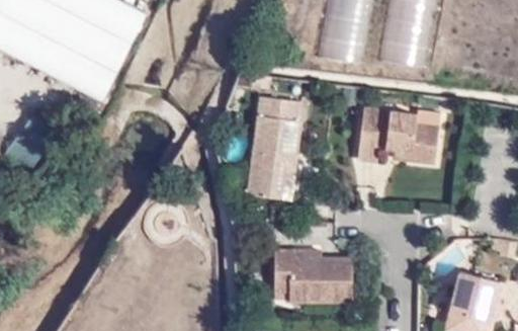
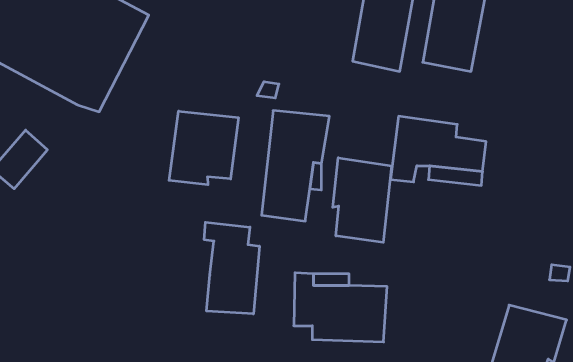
building: none -> [169,111,238,185]
building: none -> [333,158,392,242]
building: none -> [204,222,259,314]

